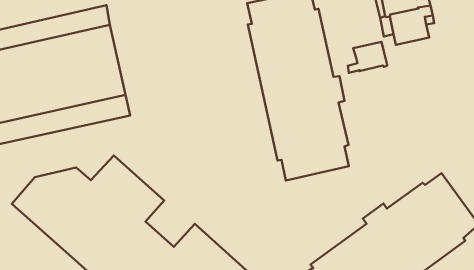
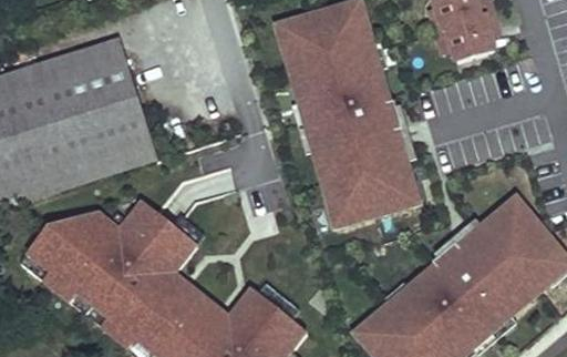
building: [348,42,387,73] -> none

